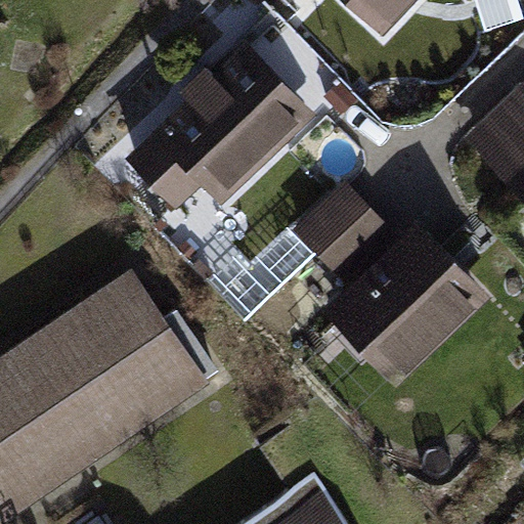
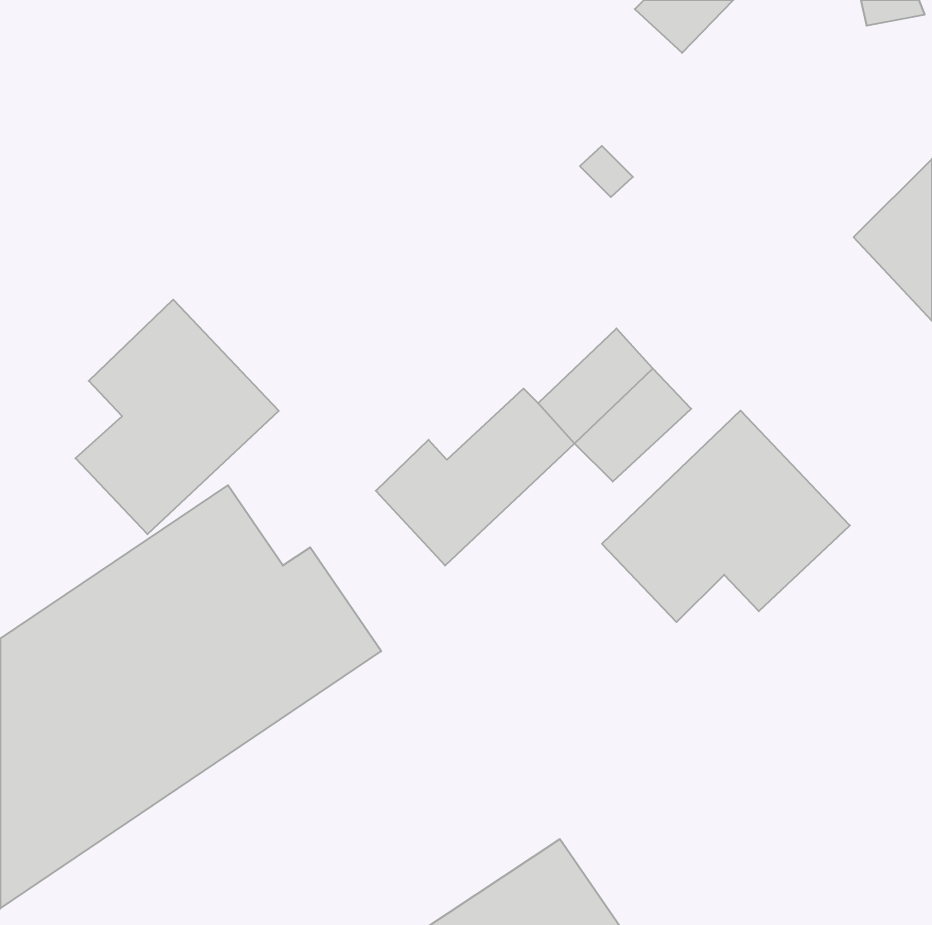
building: [136,54,304,201] -> none
building: none -> [75,300,279,534]

